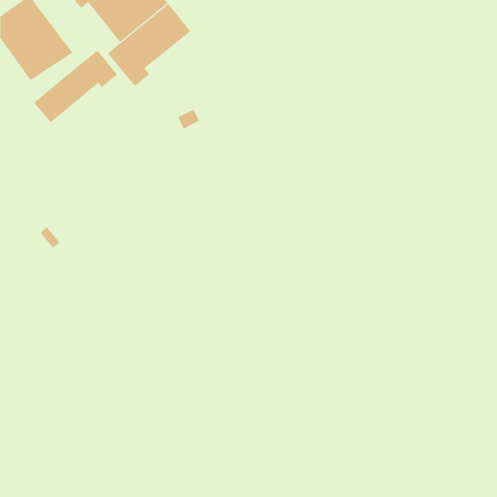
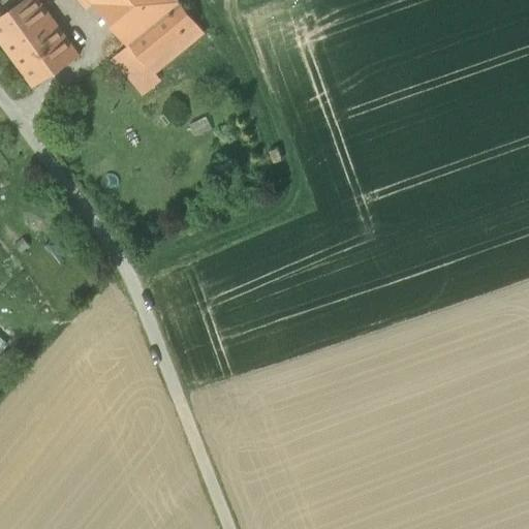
building: [33,50,118,123] -> none

